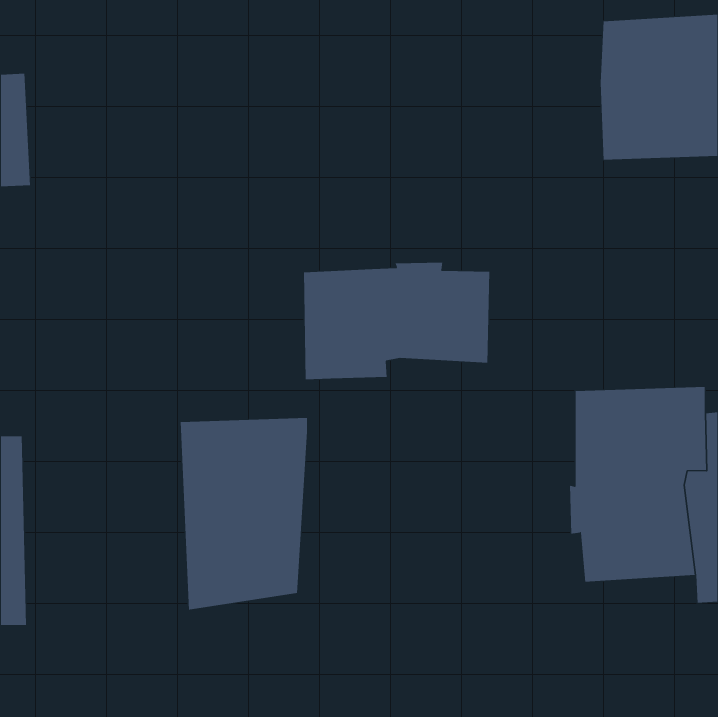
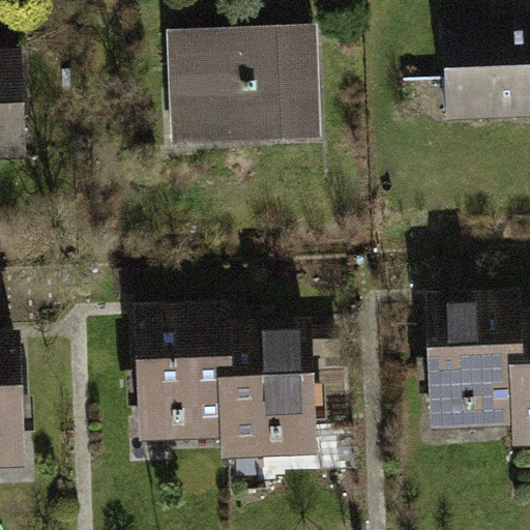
building: none -> [189,49,325,139]
building: [304,262,490,380] -> none
building: none -> [219,316,316,462]

